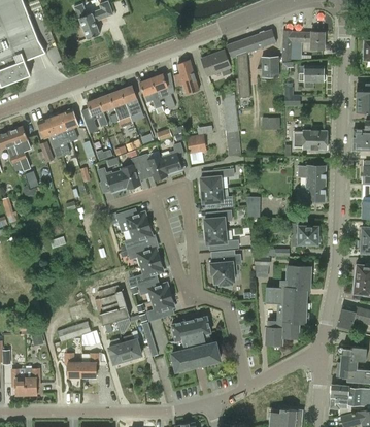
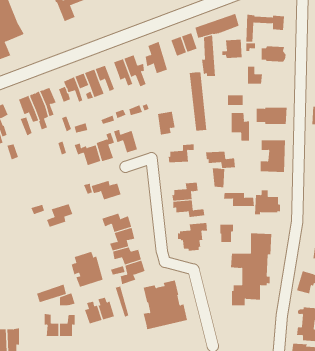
building: none -> [231,112,250,142]
building: [161,144,184,176] -> none
building: [200,190,233,208] -> [205,151,236,168]
building: none -> [224,192,254,207]
building: [125,225,154,251] -> [46,204,73,228]

